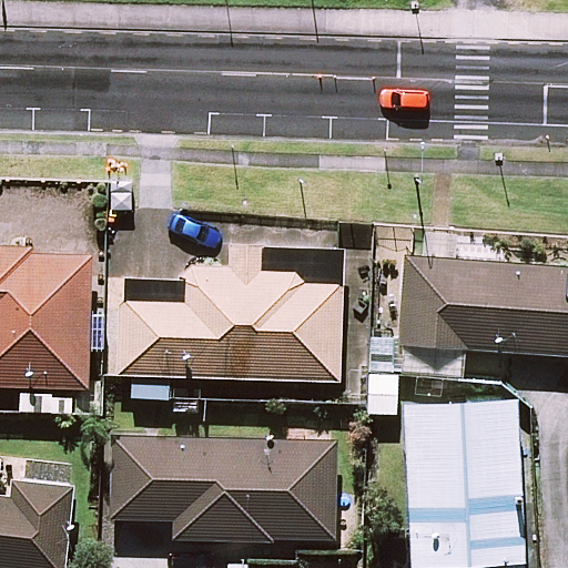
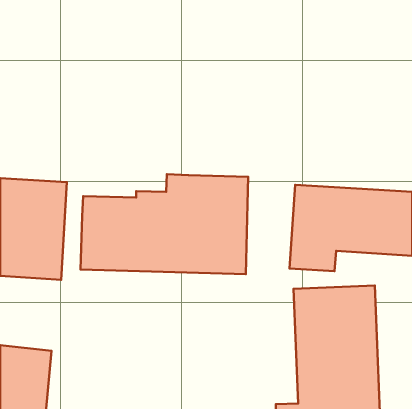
building: [110,442,335,539] -> none

